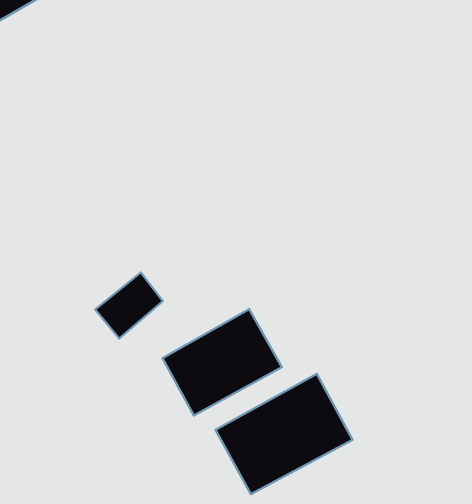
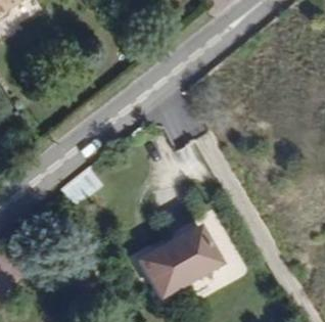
building: [163,309,282,416] -> none

